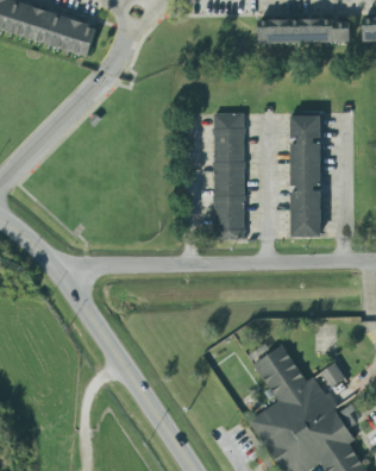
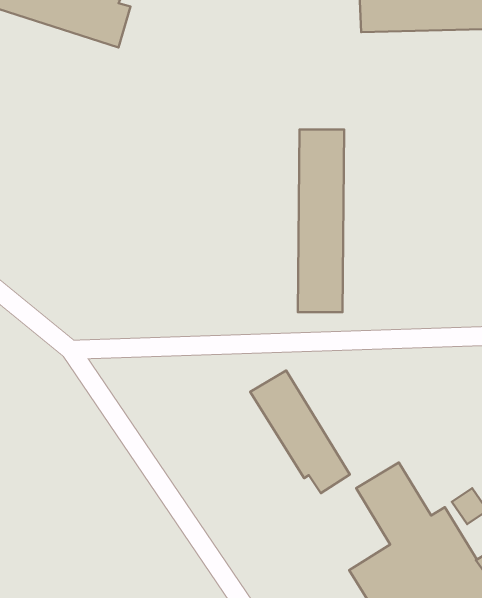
building: [290,115,321,237] -> none
building: none -> [250,371,350,493]

